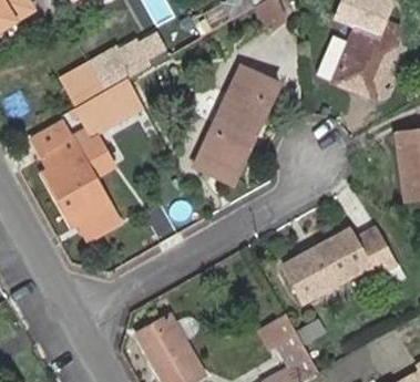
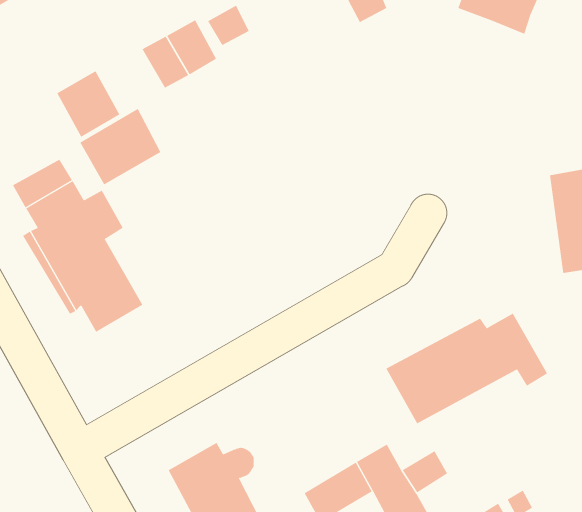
building: [332,24,399,102] -> none
building: [88,44,134,92] -> none
building: [193,66,279,183] -> none

